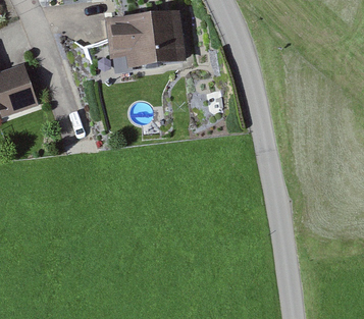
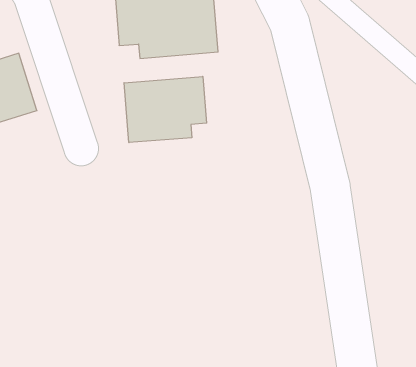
building: none -> [124,76,207,143]

